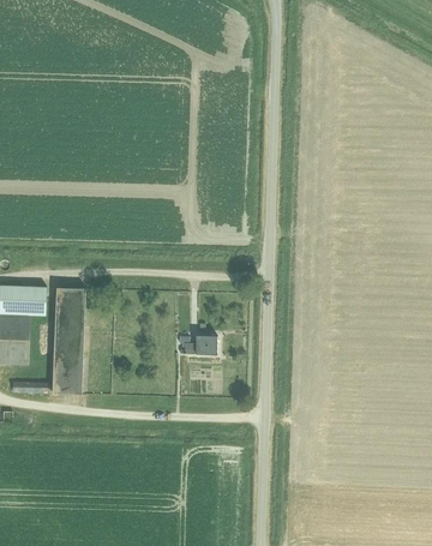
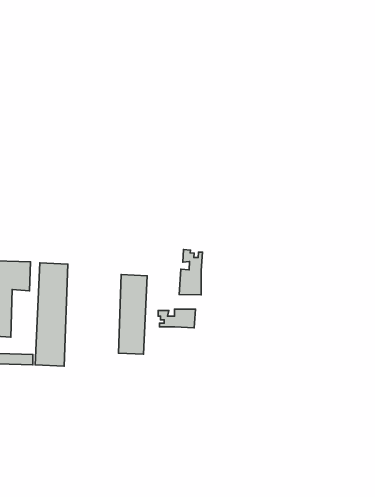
building: none -> [179,250,202,295]
building: none -> [118,275,147,354]

